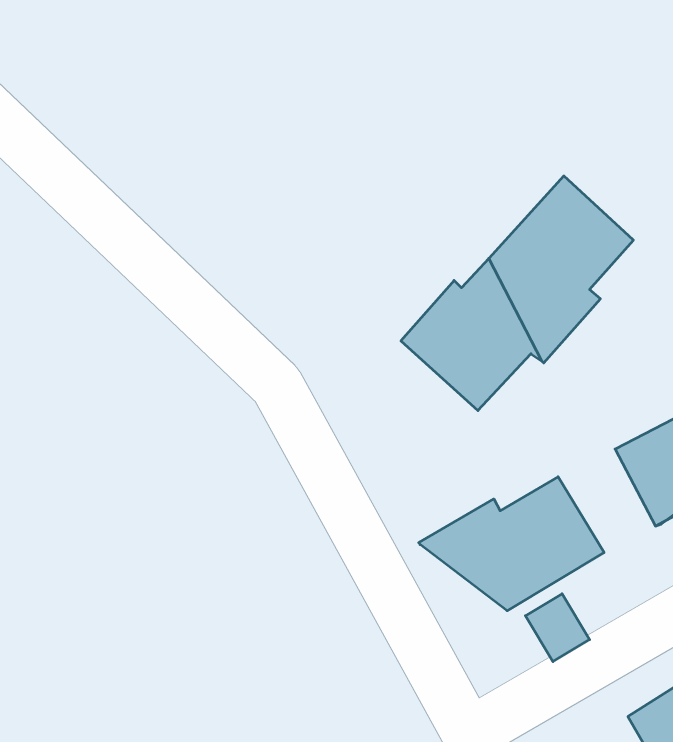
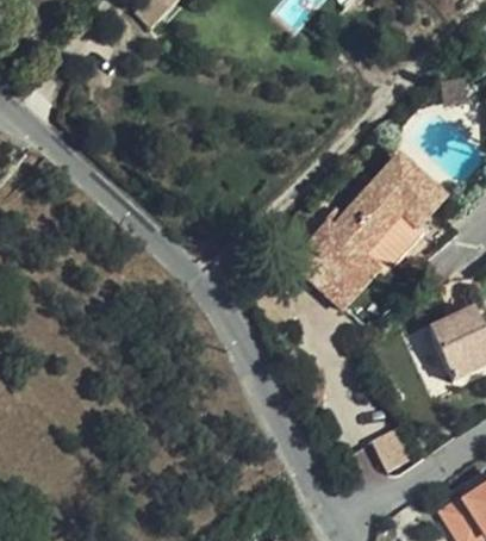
building: [419,477,604,611] -> none

